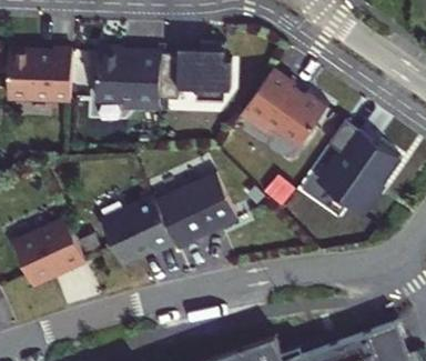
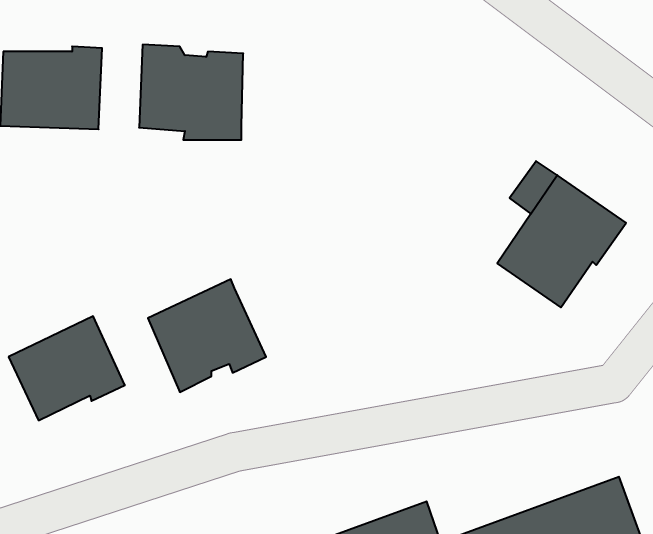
building: [158,44,229,102] -> none
building: [239,71,325,148] -> none
building: [153,174,235,251] -> none

